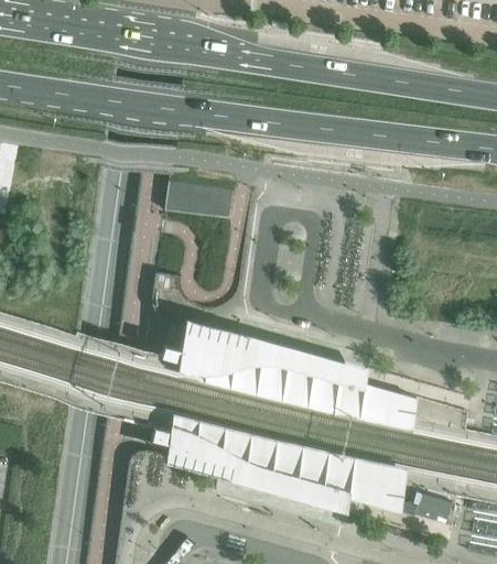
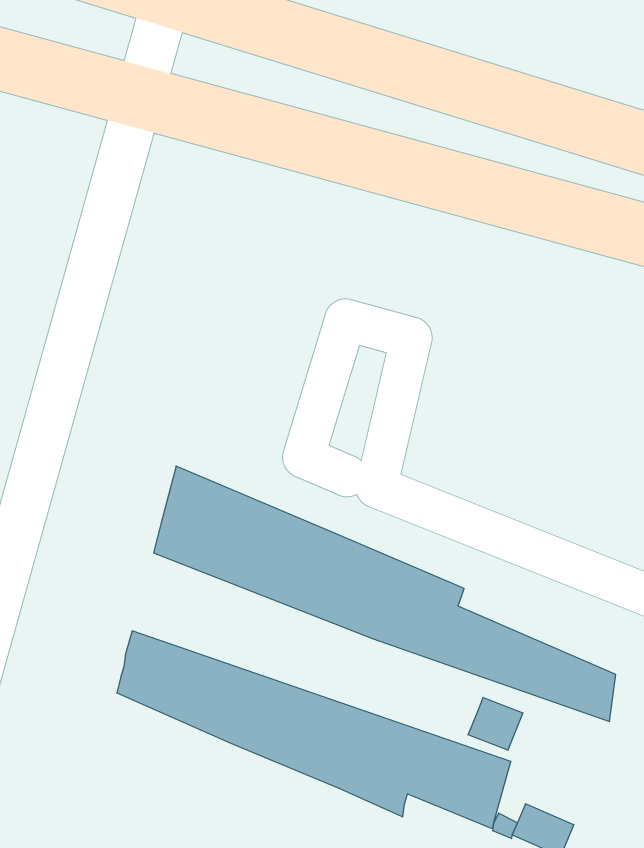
building: [164,181,234,218] -> none
building: none -> [468,697,523,750]

